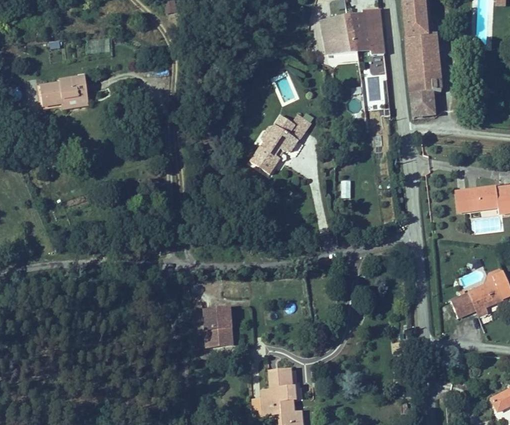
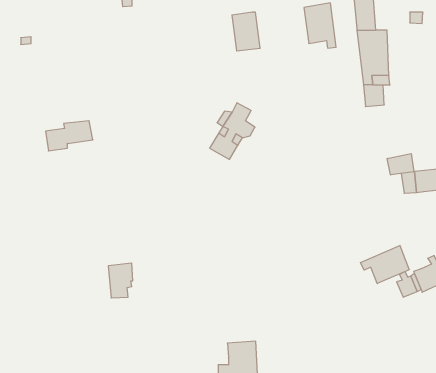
building: [325,13,355,54] -> [232,12,260,51]
building: [40,74,90,106] -> [46,121,93,151]
building: none -> [387,154,414,175]
building: none -> [361,245,409,284]
building: [207,309,233,346] -> [108,263,133,298]

